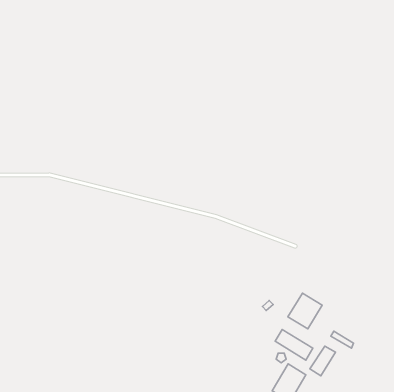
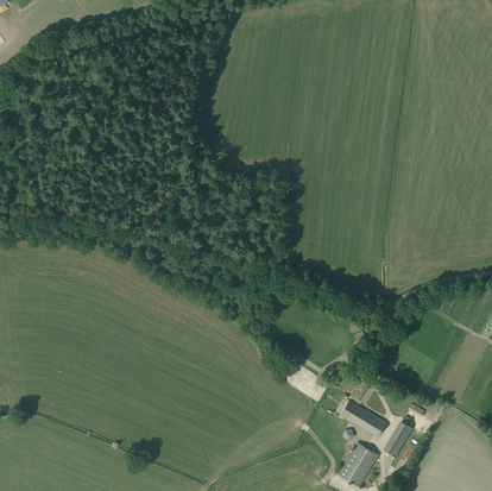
building: [288,293,322,329] -> none

